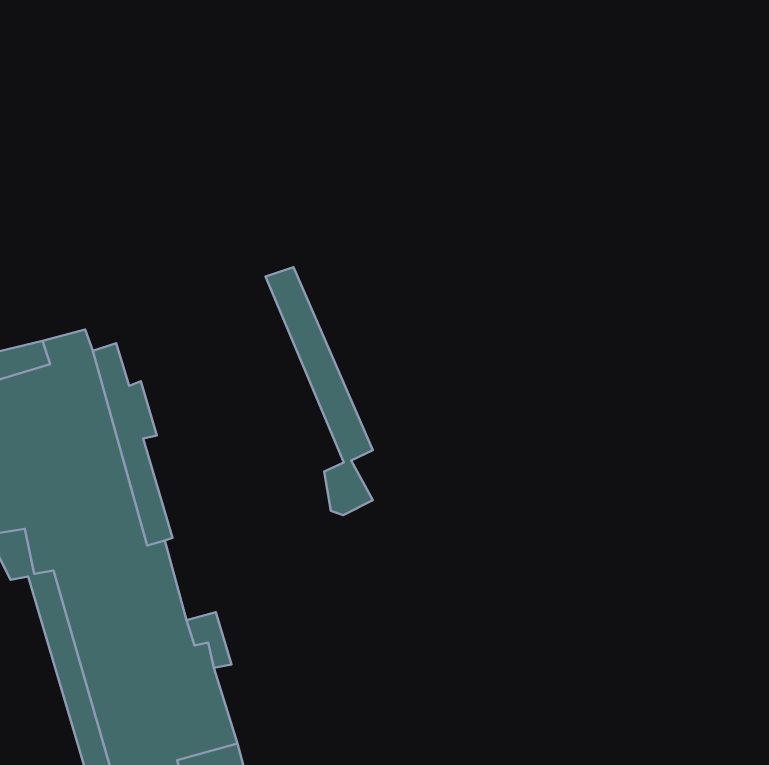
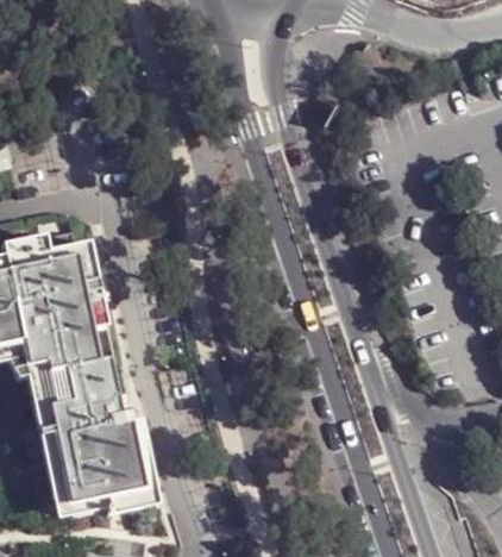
building: [266,267,373,515] -> none

